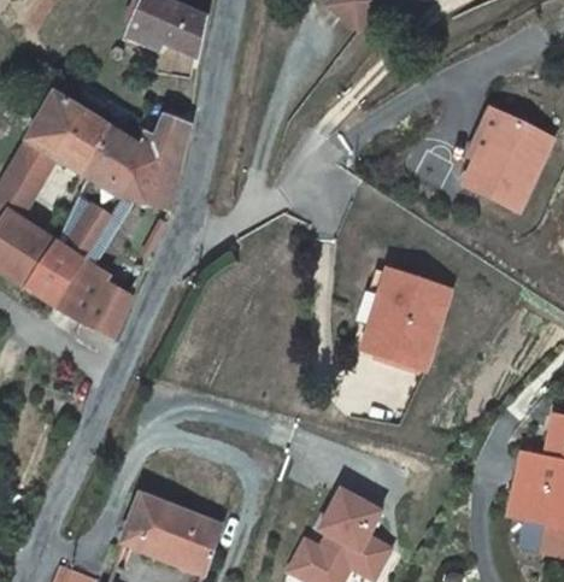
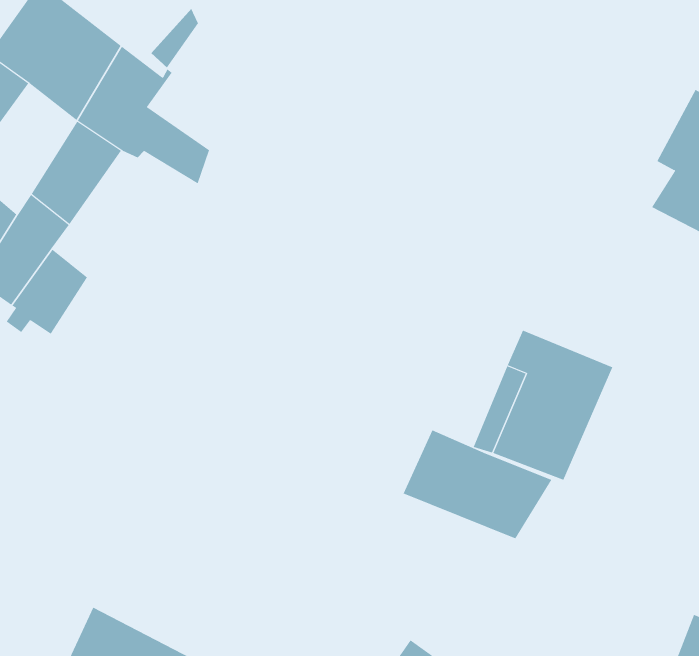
building: [131,119,187,187] -> none
building: [87,278,134,334] -> none
building: none -> [403,429,552,539]

